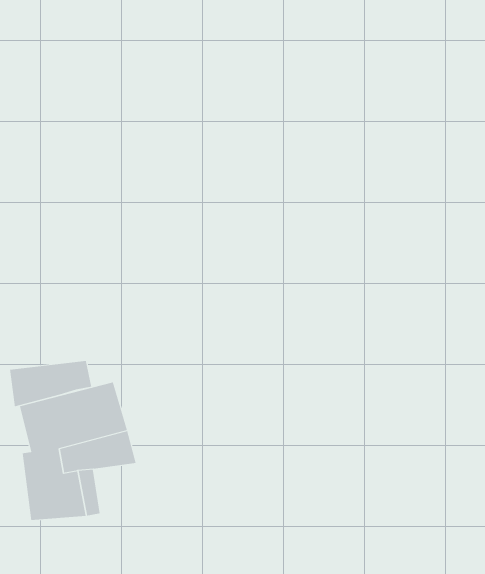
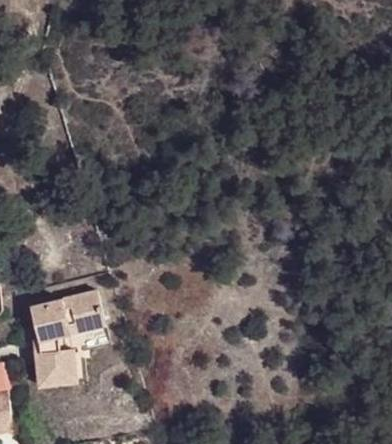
building: [10,360,92,407] -> none

